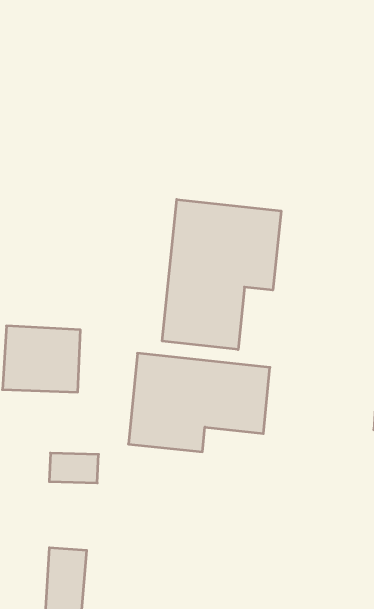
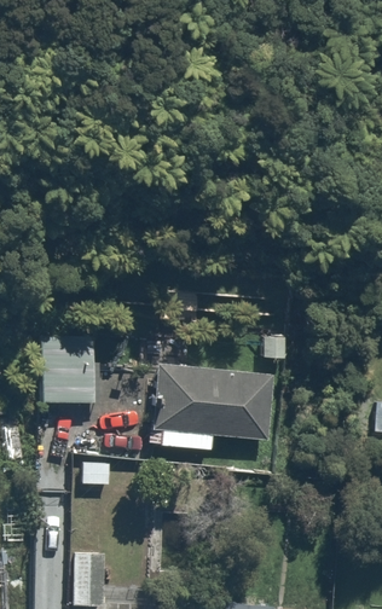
building: [162,199,281,350] -> none

